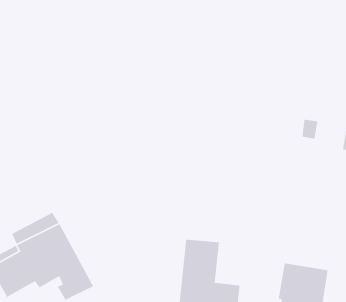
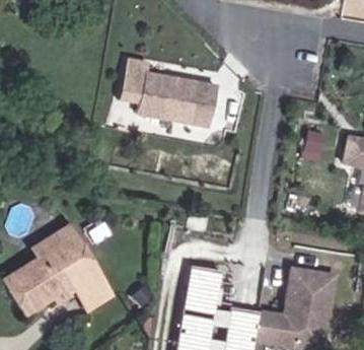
building: none -> [121,66,219,132]

